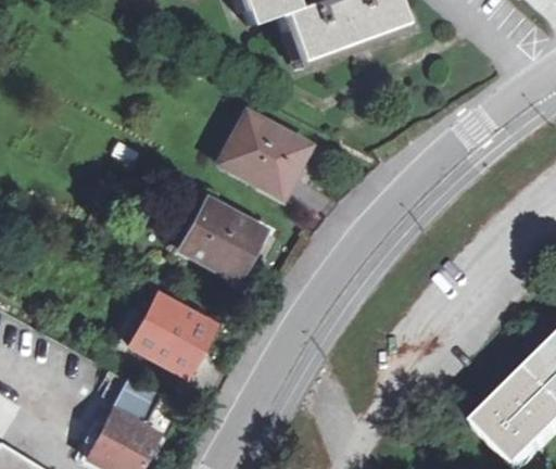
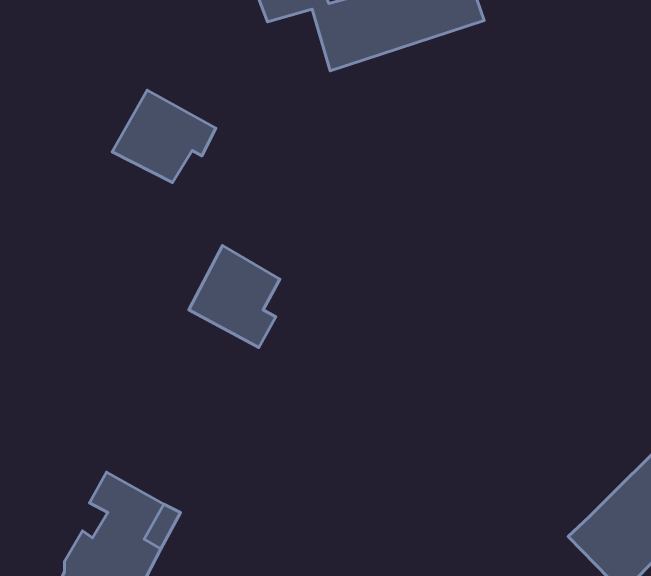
building: [228,114,308,186] -> [112,90,216,183]
building: [134,297,213,376] -> none

